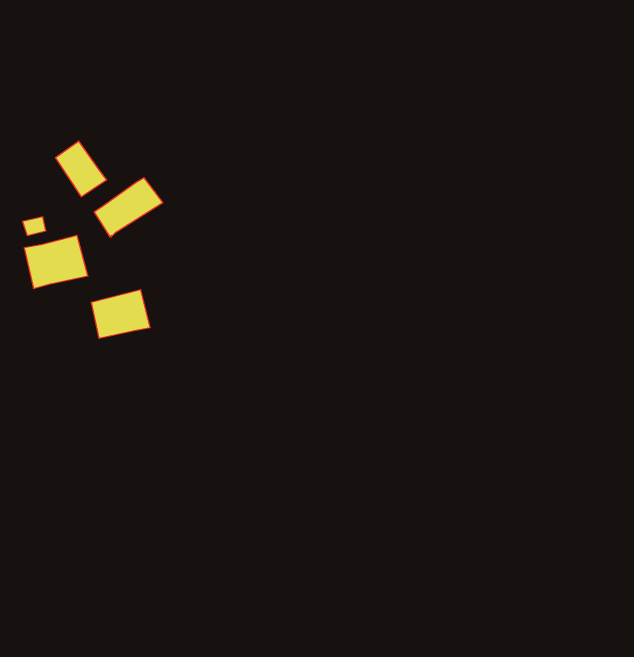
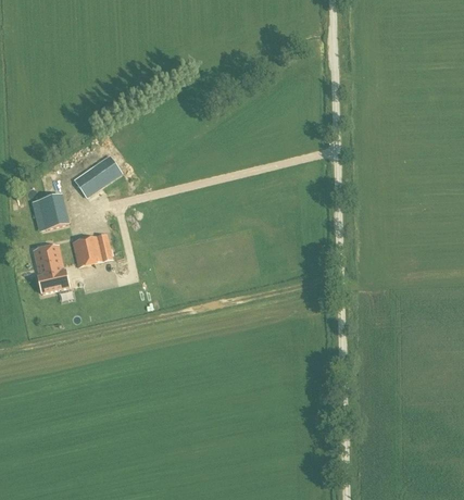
building: [56,141,106,197] -> none
building: none -> [32,243,70,293]

